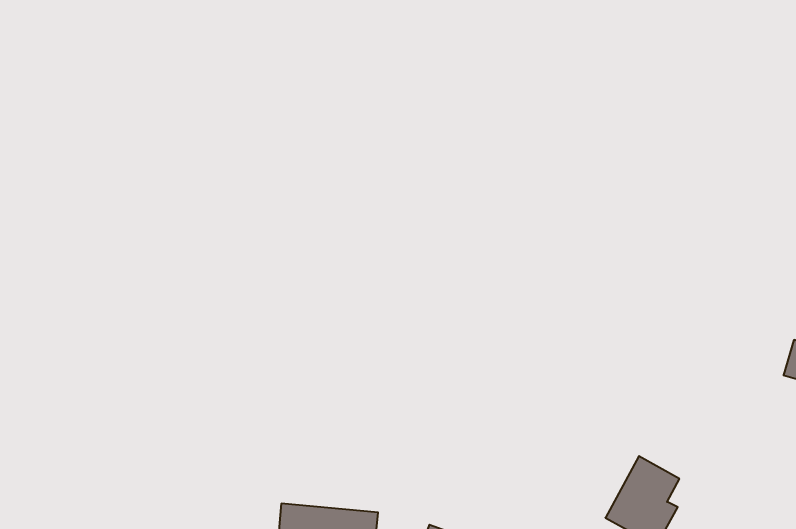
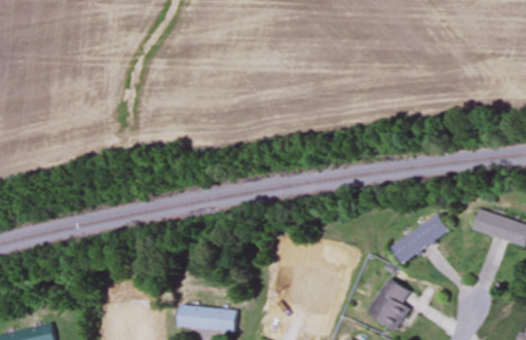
building: none -> [390,214,449,263]

